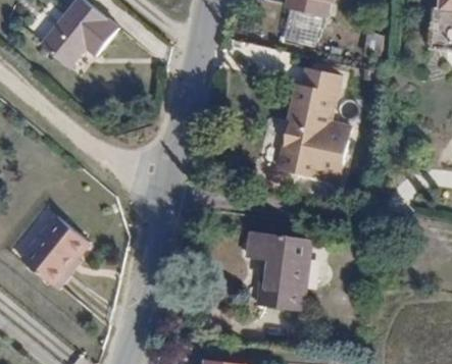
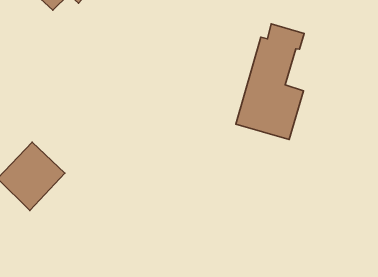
building: [250,225,311,304] -> none

